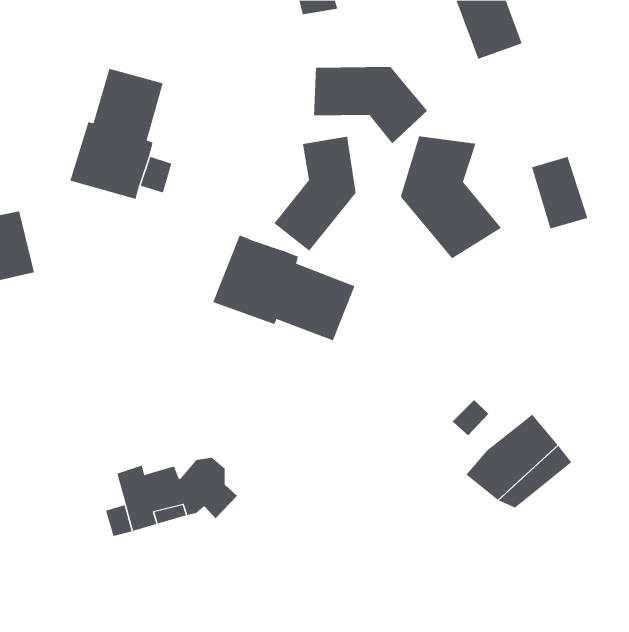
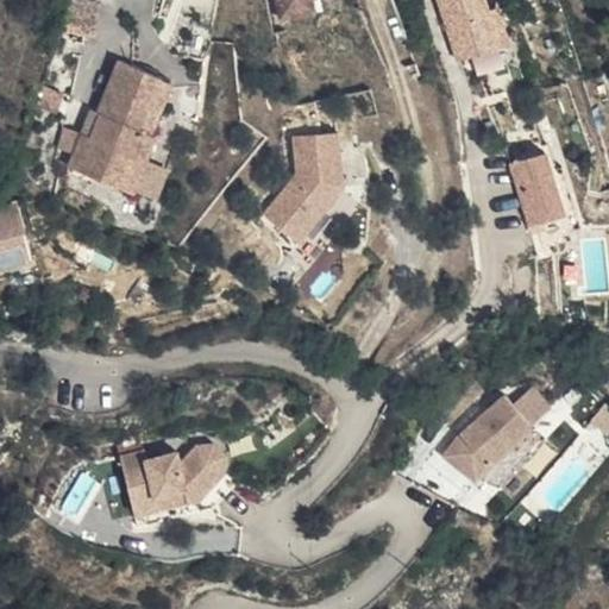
building: [313,66,428,144] -> none
building: [400,135,502,259] -> none
building: [212,235,355,341] -> none

